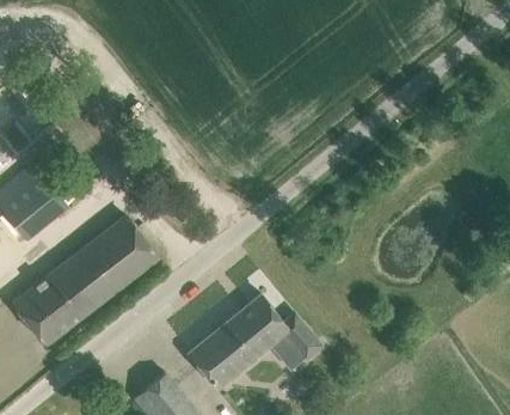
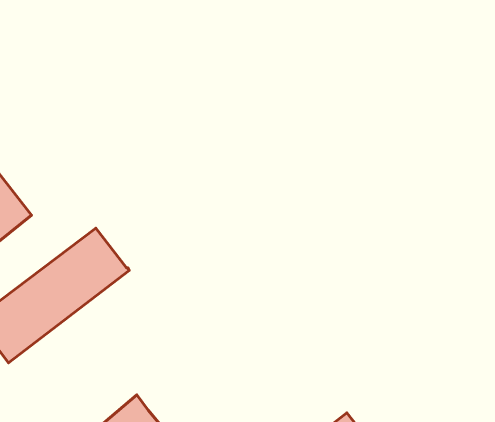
building: [188,297,318,391] -> none

